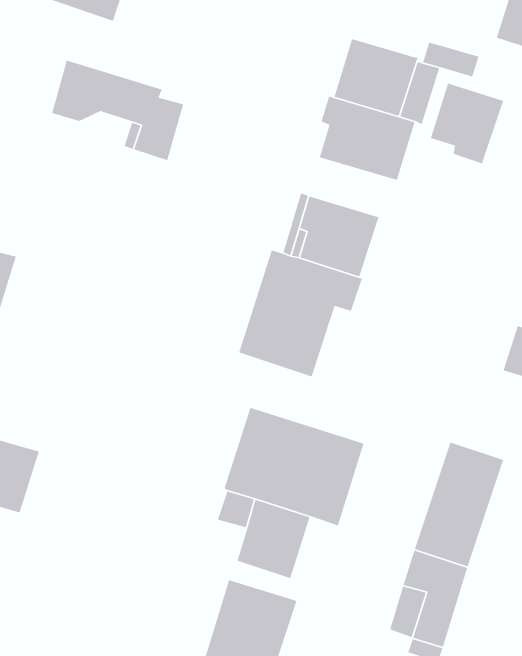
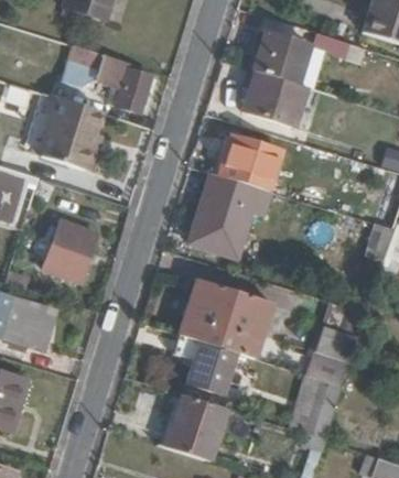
building: [430,83,504,164] -> none
building: none -> [37,94,110,169]
building: none -> [43,219,97,280]

